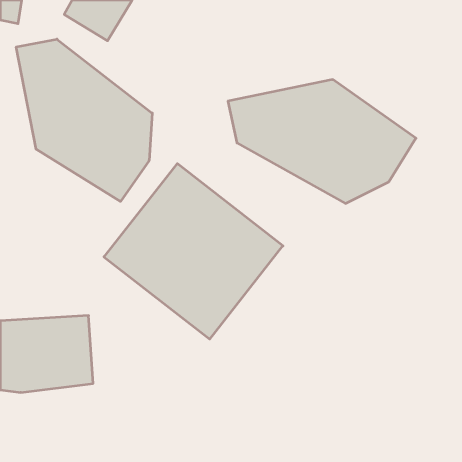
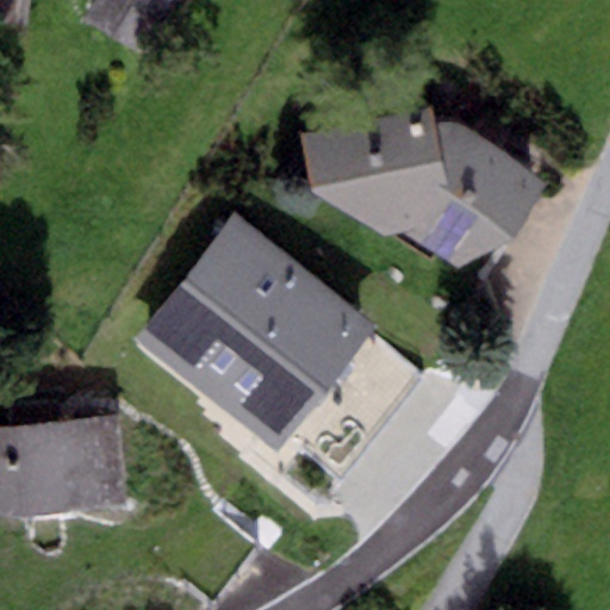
building: [16,39,152,201] -> none

